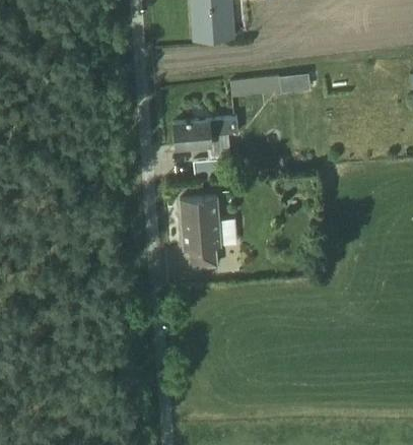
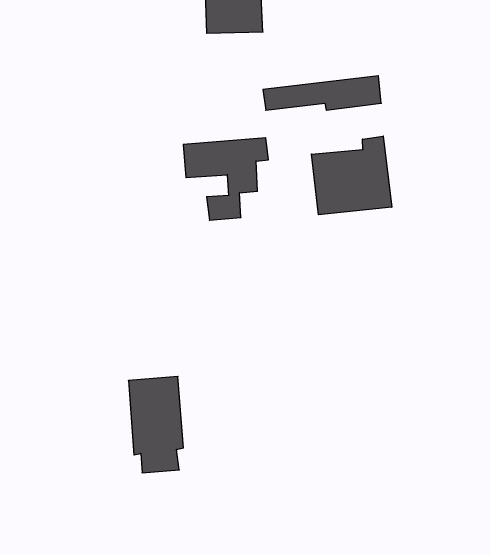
building: none -> [311,136,392,215]
building: [180,198,220,269] -> [128,376,183,473]

